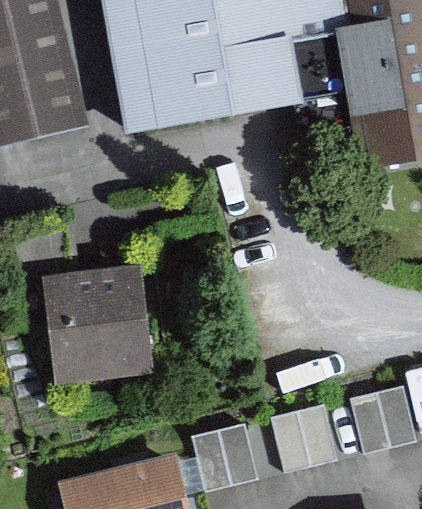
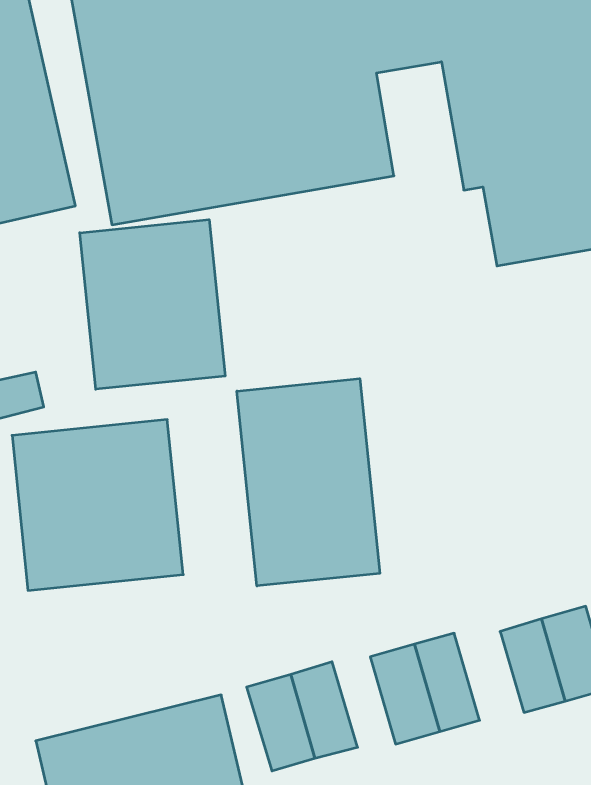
building: none -> [80,220,225,389]
building: none -> [237,379,380,586]

